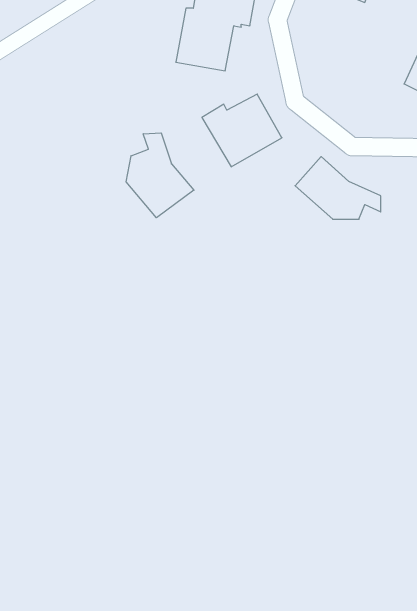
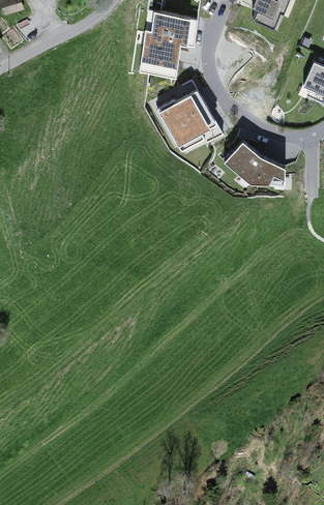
building: [126,133,194,218] -> none

